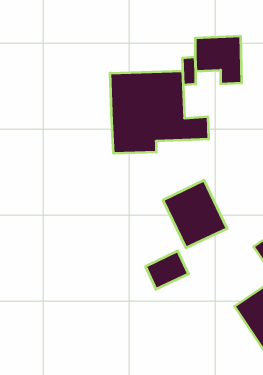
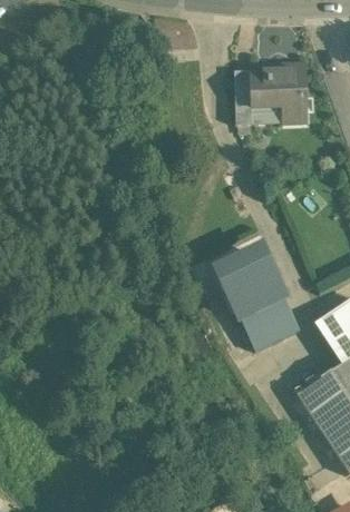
building: [110,71,208,153] -> none
building: [146,251,189,289] -> [244,301,296,347]

